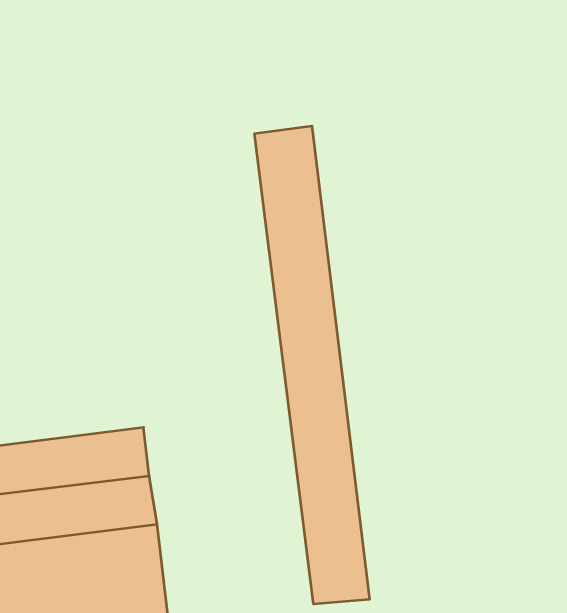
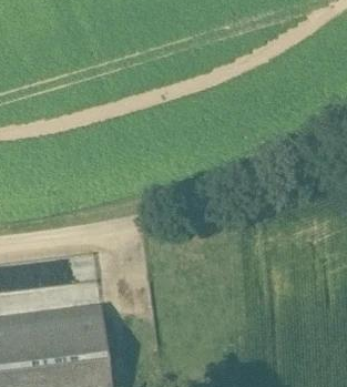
building: [255,126,369,604] -> none

